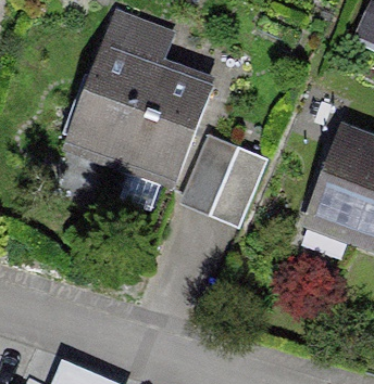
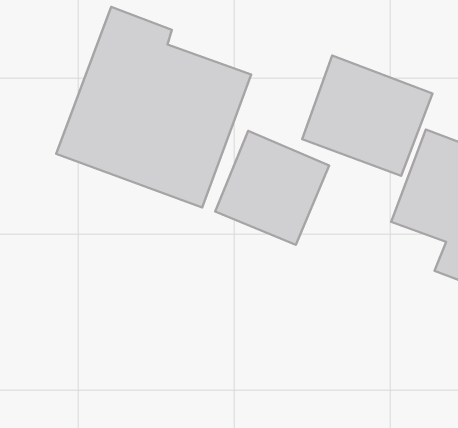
building: none -> [302,56,433,176]

